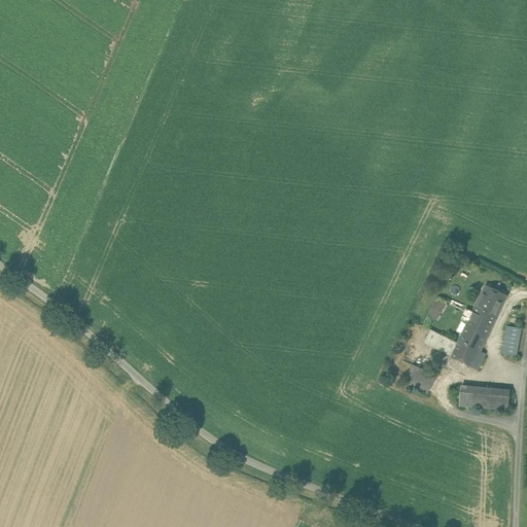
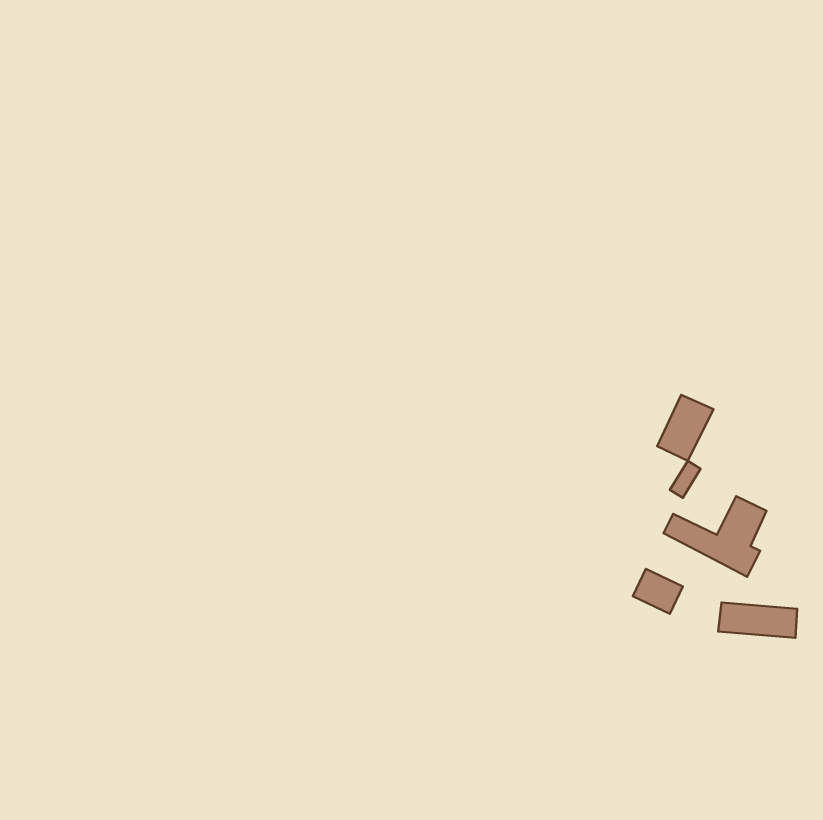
building: [470,284,506,326] -> [657,395,713,461]
building: [501,324,521,354] -> none

